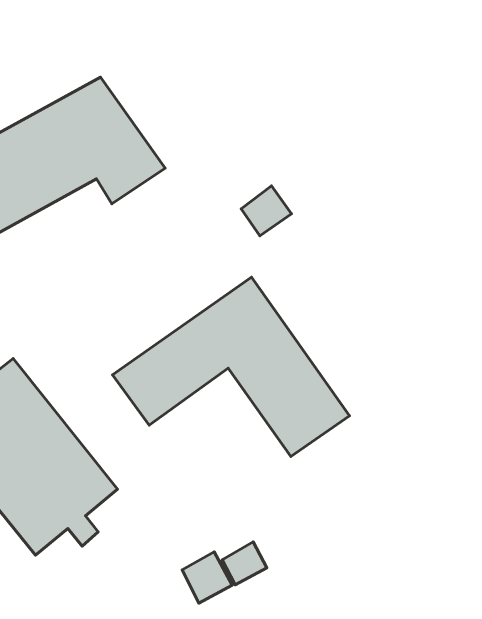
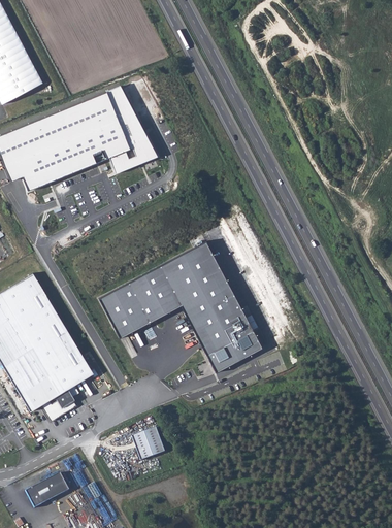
building: [241,186,291,236] -> none
building: [222,542,267,585] -> none

